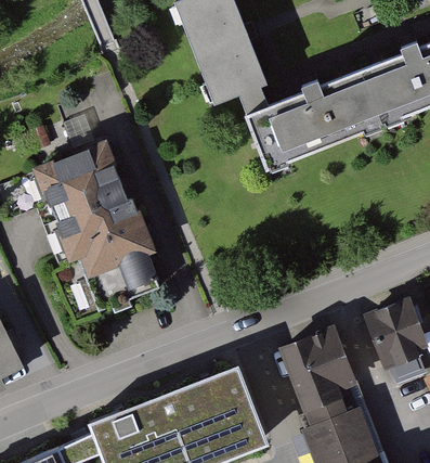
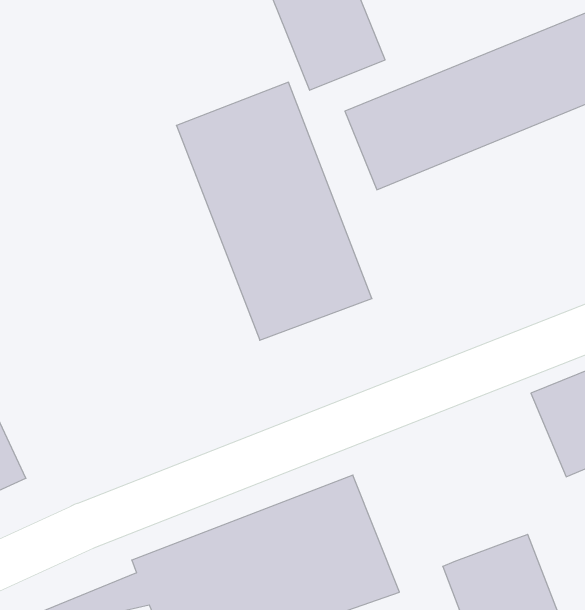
building: [31,139,164,313] -> [176,82,372,340]
building: [281,324,357,424] -> none

